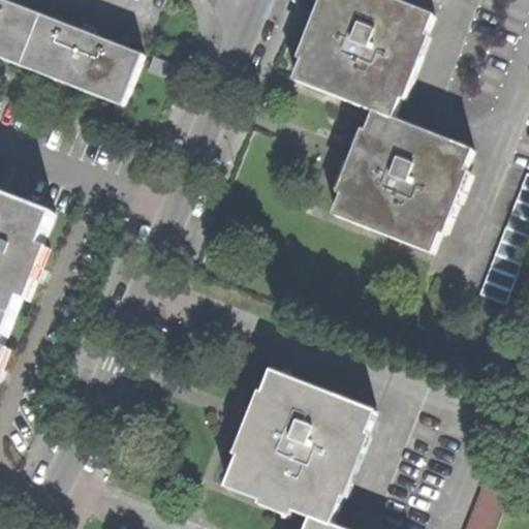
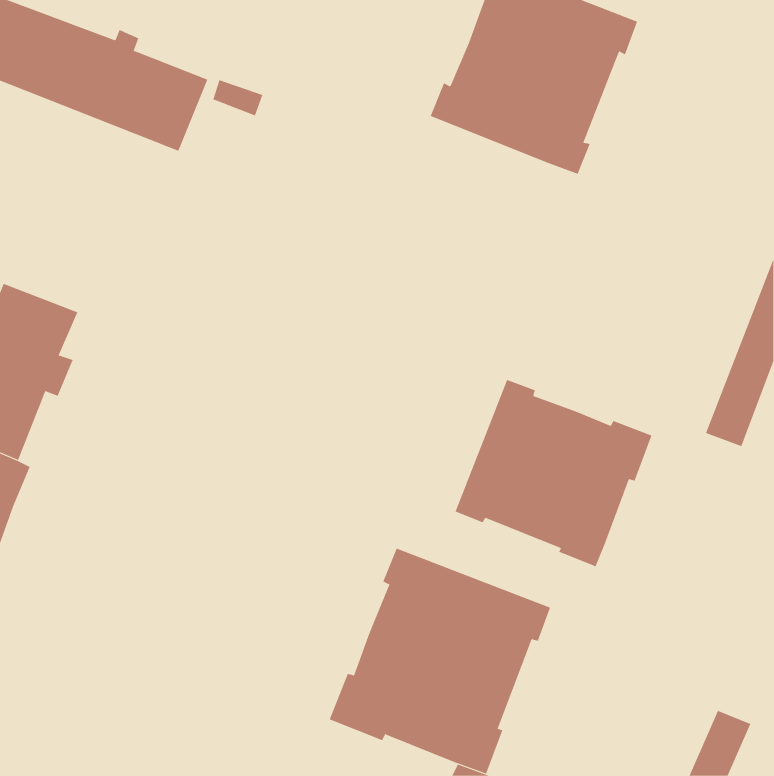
building: [331,111,472,252] -> none
building: none -> [455,379,652,567]

